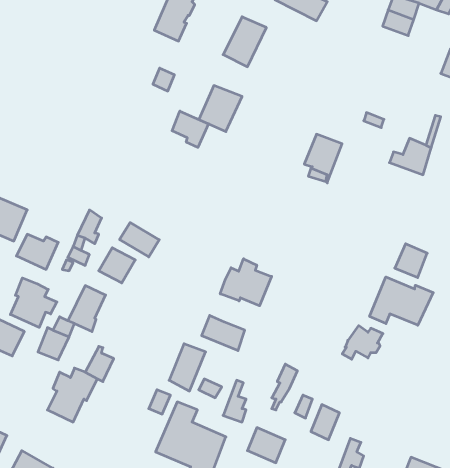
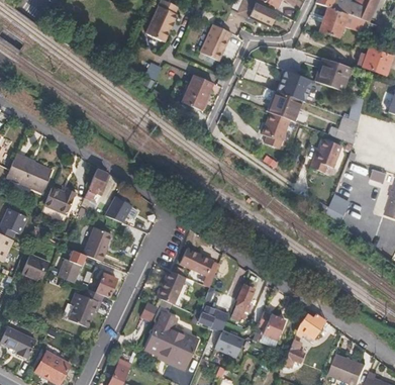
building: none -> [315,60,351,92]
building: none -> [277,72,305,95]
building: none -> [267,91,299,121]
building: [172,111,209,147] -> none
building: none -> [307,139,336,172]
building: [120,223,159,257] -> none
building: [220,259,272,306] -> none
building: [370,277,433,325] -> none
building: [10,278,57,327] -> none
building: [342,326,383,359] -> [295,313,325,339]

